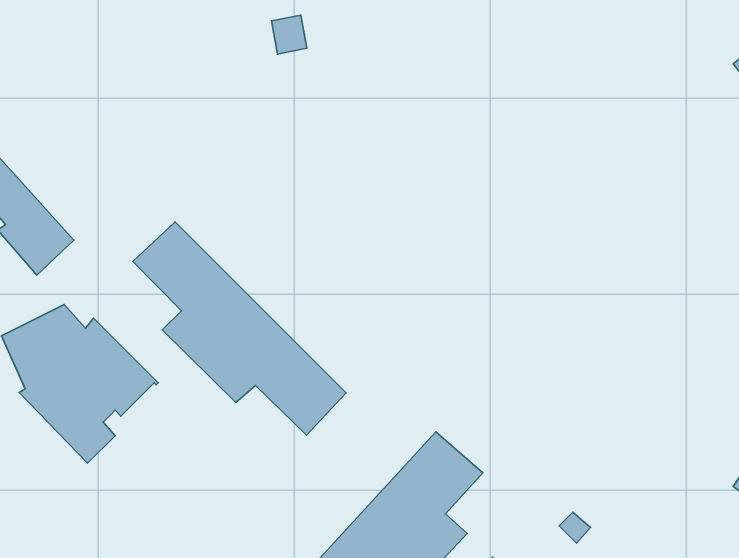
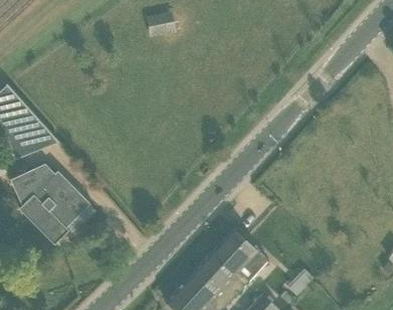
building: [133,222,346,435] -> none

